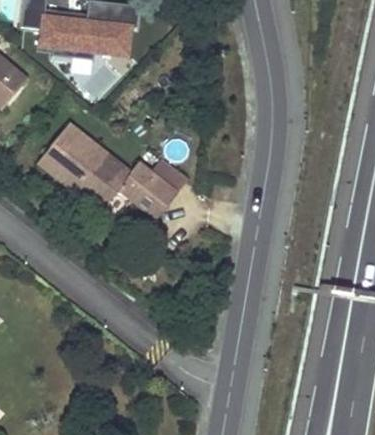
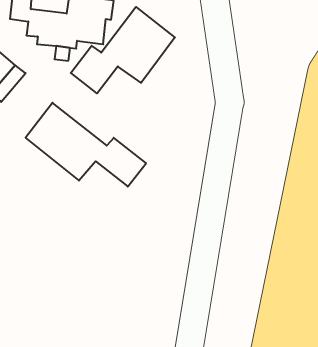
building: none -> [71,7,175,93]

